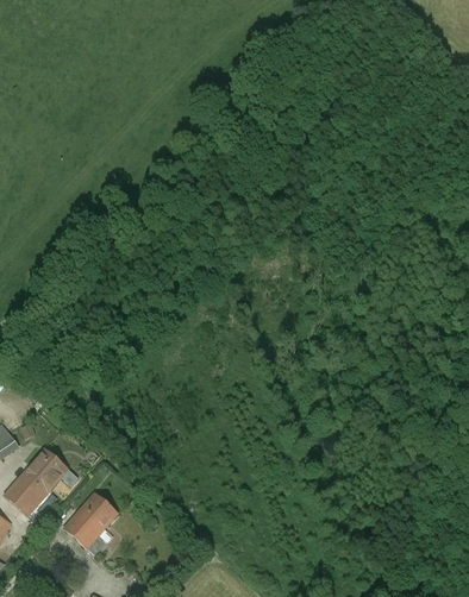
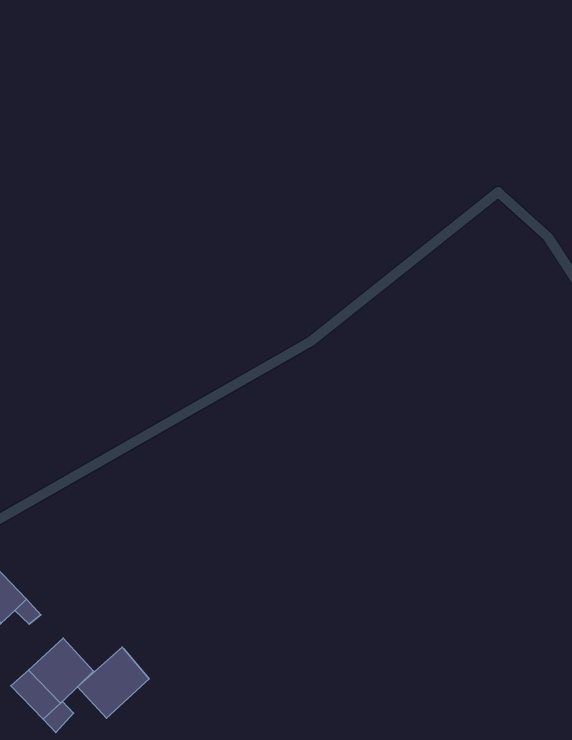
building: none -> [77,647,149,718]

